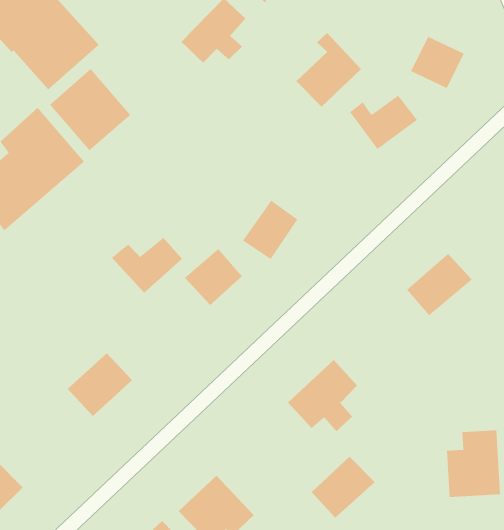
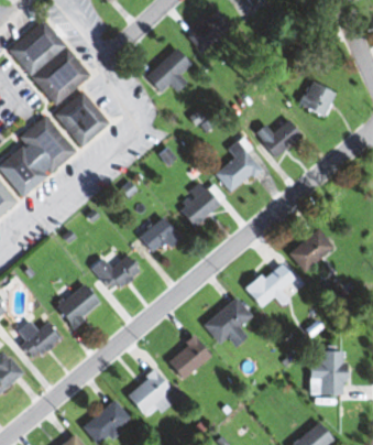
building: [296,32,362,107] -> [215,142,260,193]
building: [111,237,183,294] -> [91,254,140,292]
building: none -> [244,263,294,306]
building: none -> [18,323,57,355]
building: [311,456,375,519] -> [167,336,211,378]

